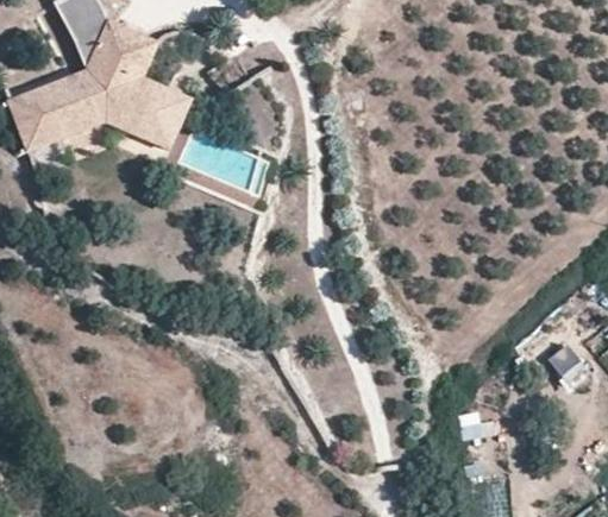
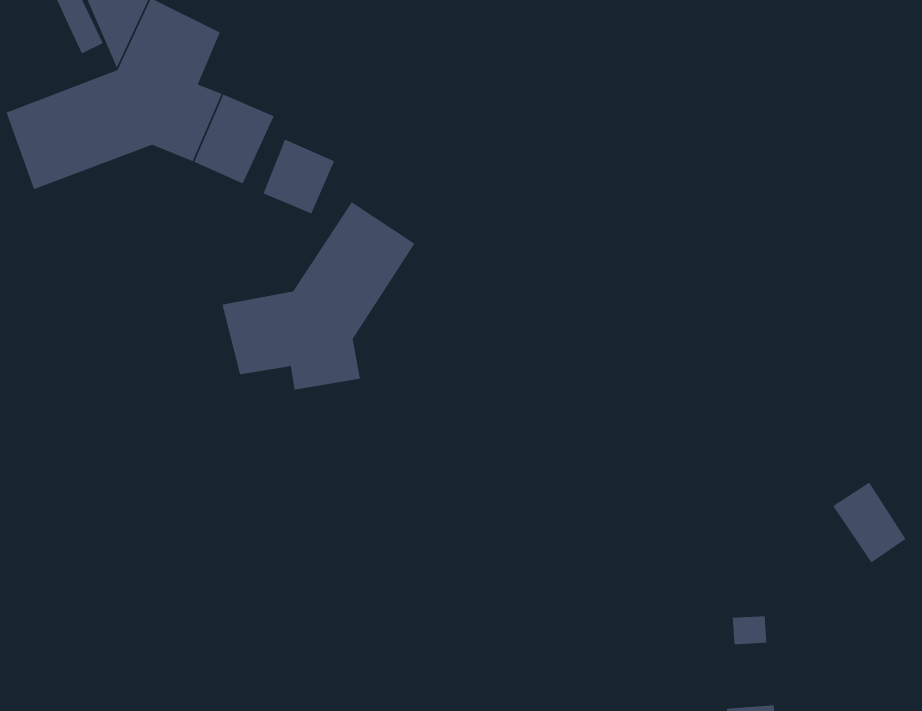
building: none -> [263,139,335,215]
building: none -> [221,201,416,390]

